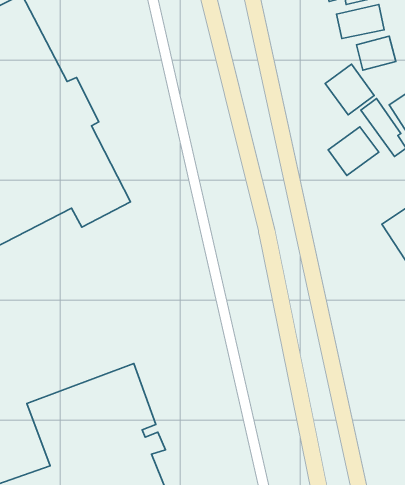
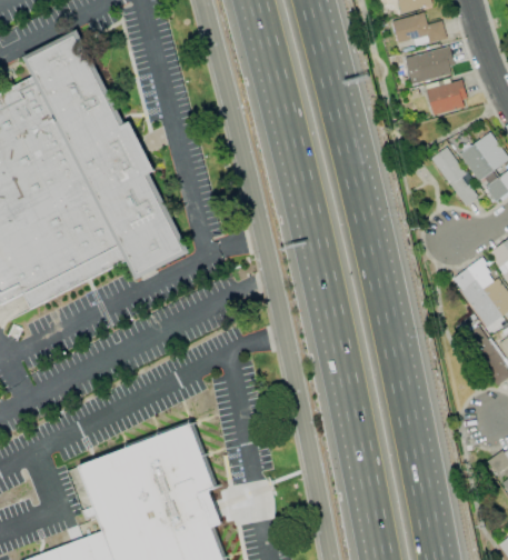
building: [325,64,374,115] -> none
building: [328,127,379,175] -> none

